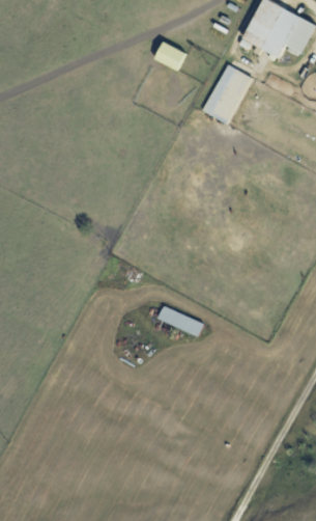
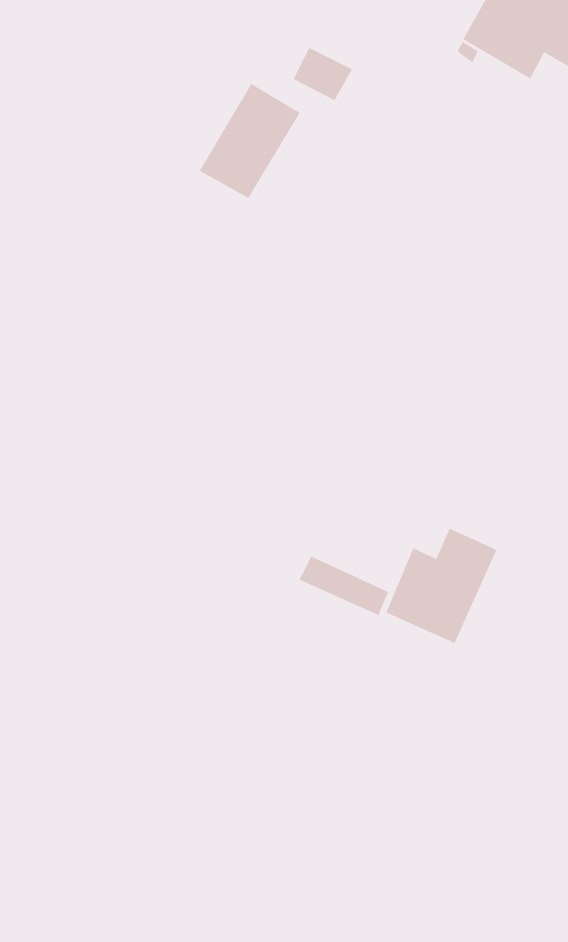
building: [201,63,254,124] -> [199,83,301,199]
building: none -> [385,528,497,644]

